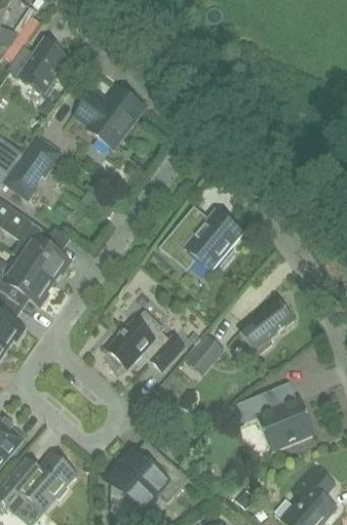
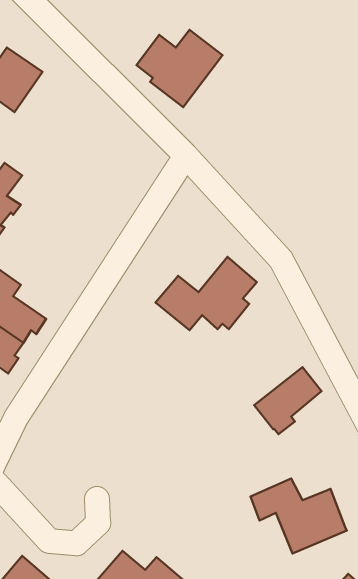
building: [76,86,146,149] -> [136,30,223,107]
building: [106,311,184,370] -> none
building: [186,333,225,374] -> none

